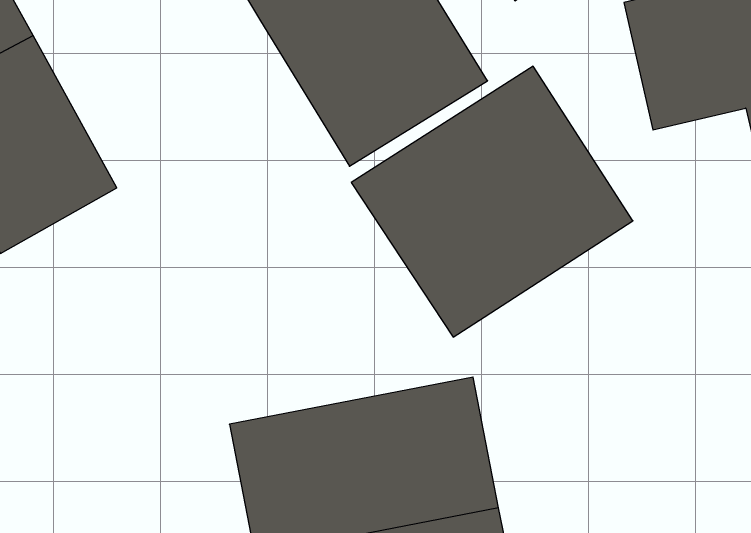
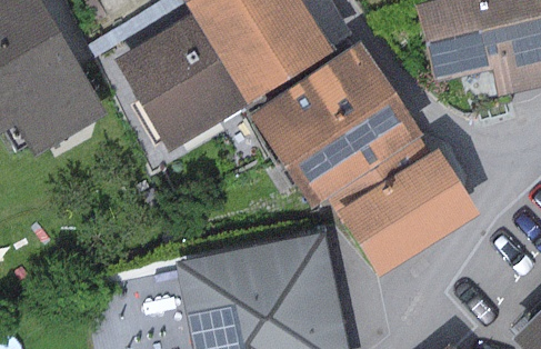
building: none -> [117,14,248,150]
building: none -> [327,137,479,277]

